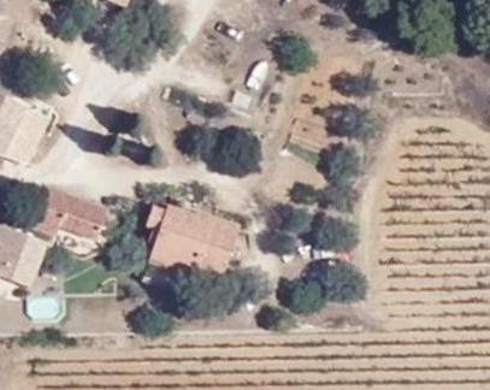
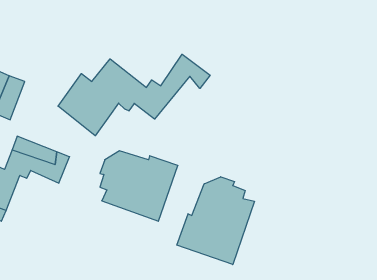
building: none -> [58,54,210,136]
building: none -> [177,177,254,265]

